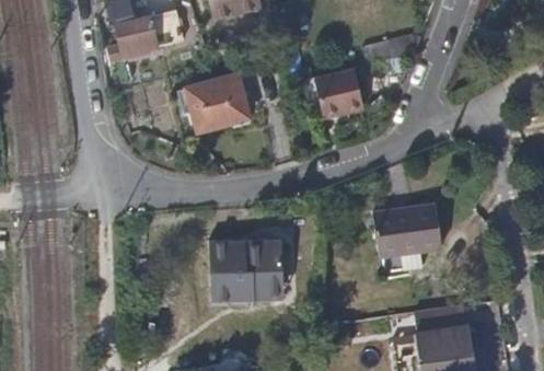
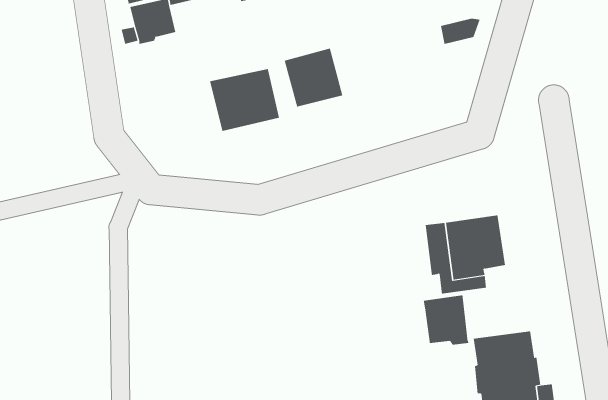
building: [315,63,367,115] -> [284,48,343,107]
building: [216,246,289,301] -> none
building: none -> [423,295,469,346]

